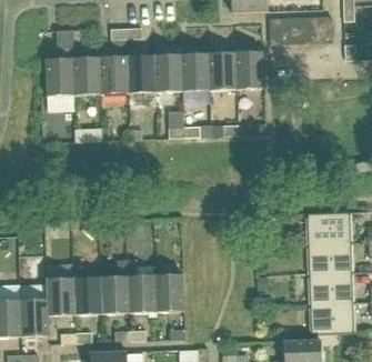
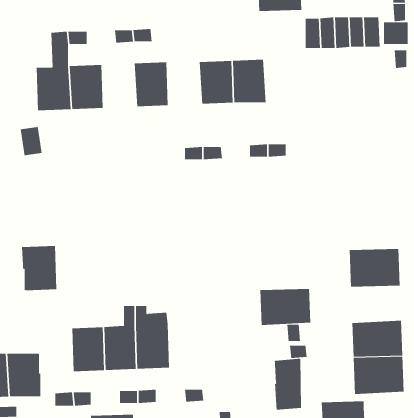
building: [235,51,265,89] -> none
building: [154,54,183,91] -> none
building: [100,56,129,93] -> none
building: [308,242,351,273] -> [259,288,311,325]
building: [155,273,184,311] -> none
building: [46,278,76,315] -> [21,246,57,291]
building: none -> [274,358,301,411]

